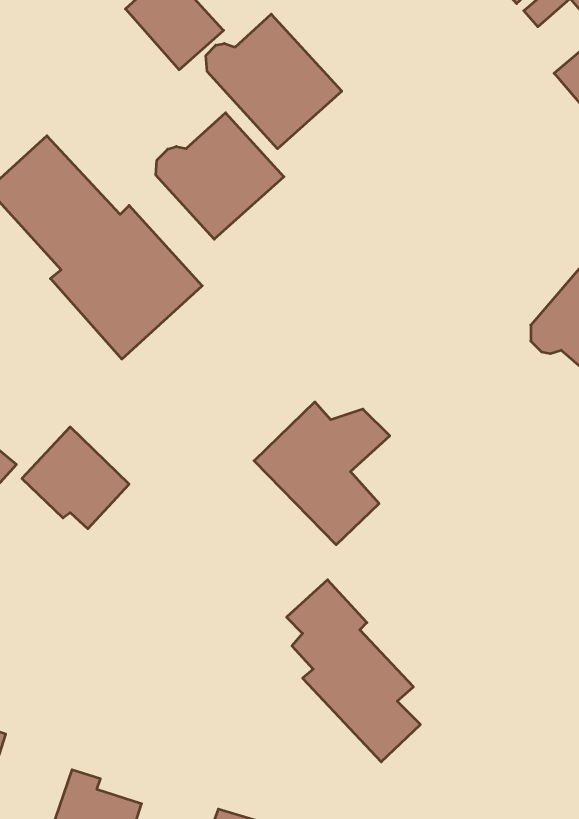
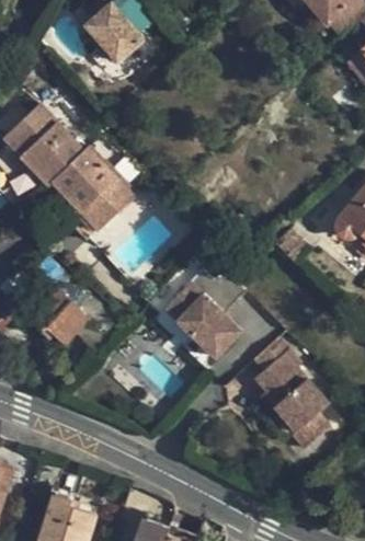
building: [206,14,342,149] -> none
building: [156,113,284,239] -> none
building: [287,580,420,762] -> [254,337,337,449]

